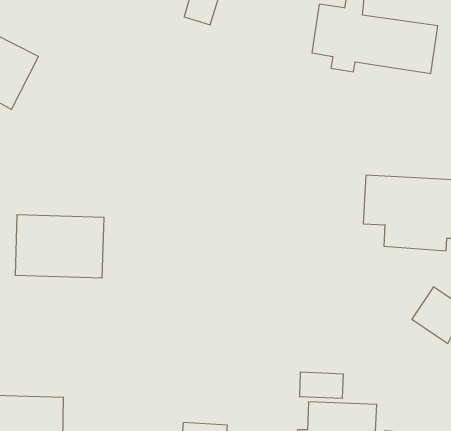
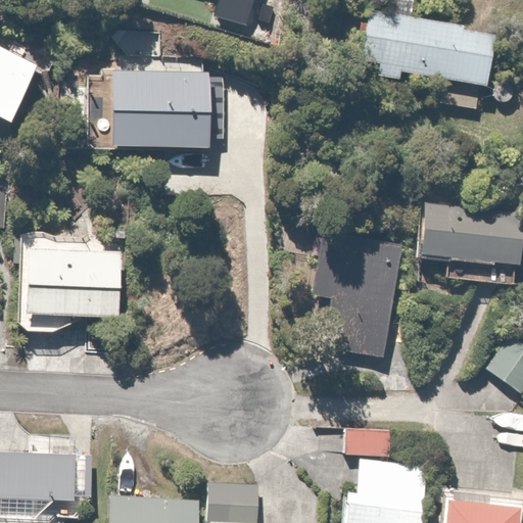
building: none -> [113,72,206,145]
building: none -> [314,232,398,360]

